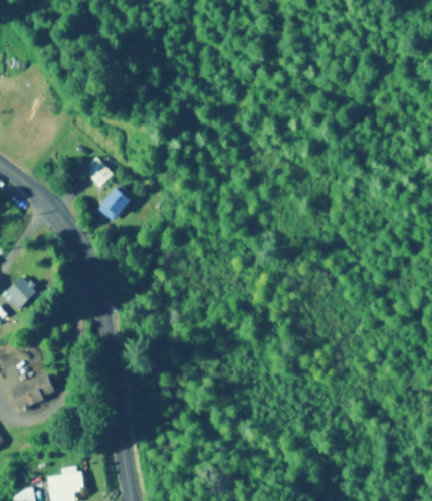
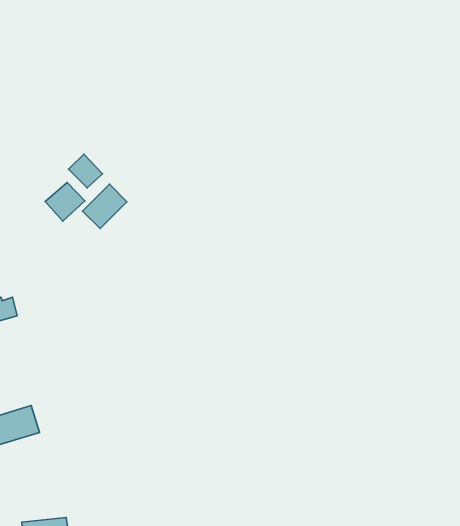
building: none -> [45,182,85,221]

